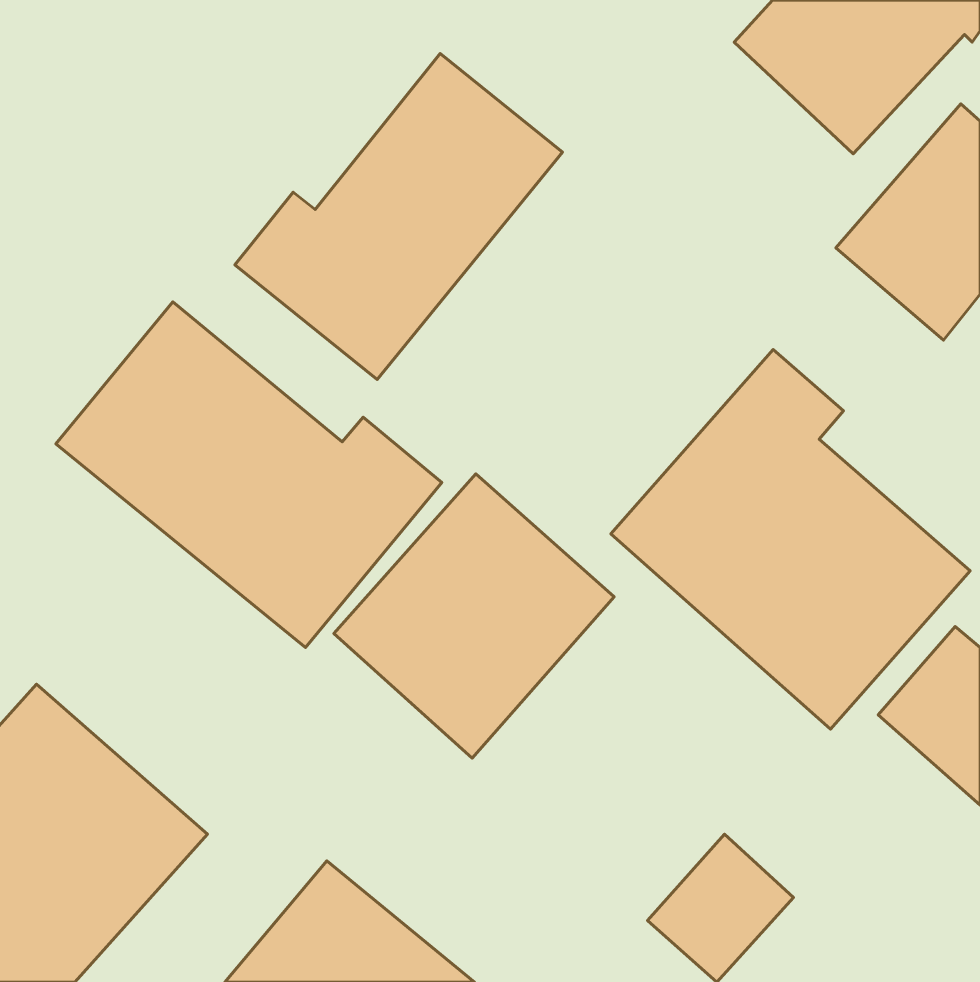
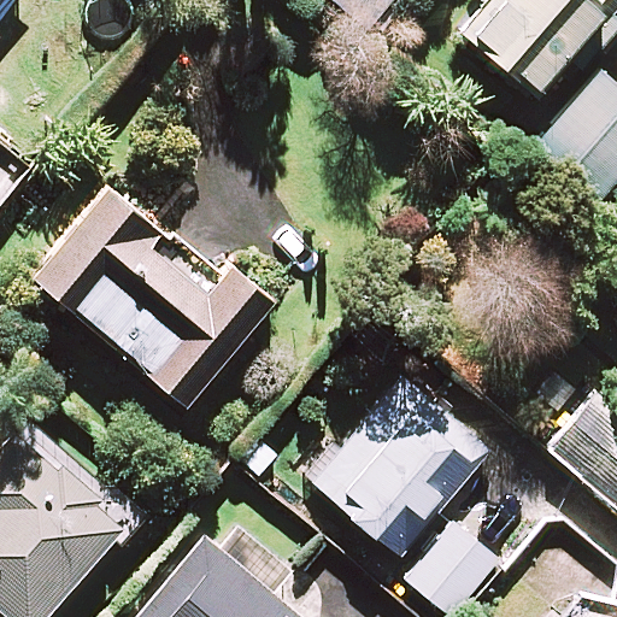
building: [235,54,562,379] -> none
building: [611,349,970,729] -> none
building: [334,474,614,758] -> [312,377,488,556]

